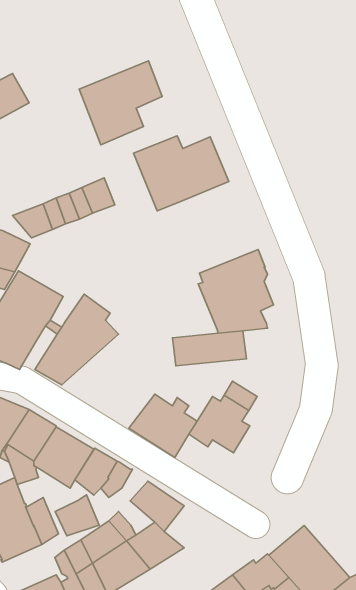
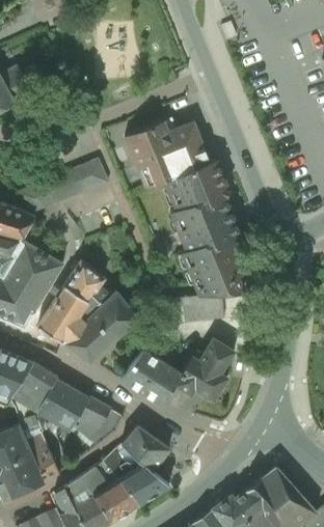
building: [79,61,162,145] -> none
building: none -> [164,160,235,243]
building: none -> [61,292,139,362]
building: [55,495,99,536] -> none

